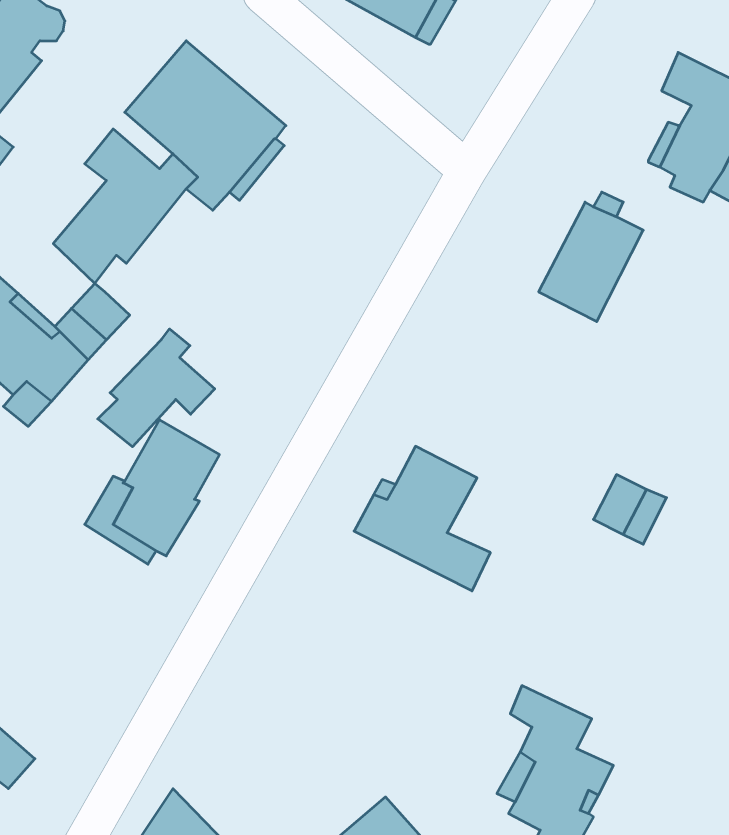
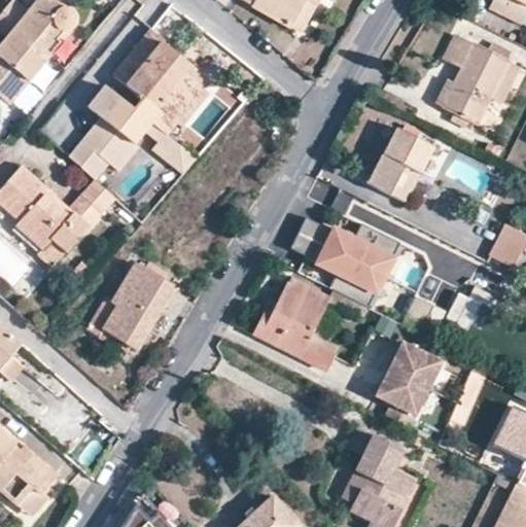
building: [98,329,215,447] -> none
building: none -> [290,217,400,308]
building: none -> [375,341,448,433]

